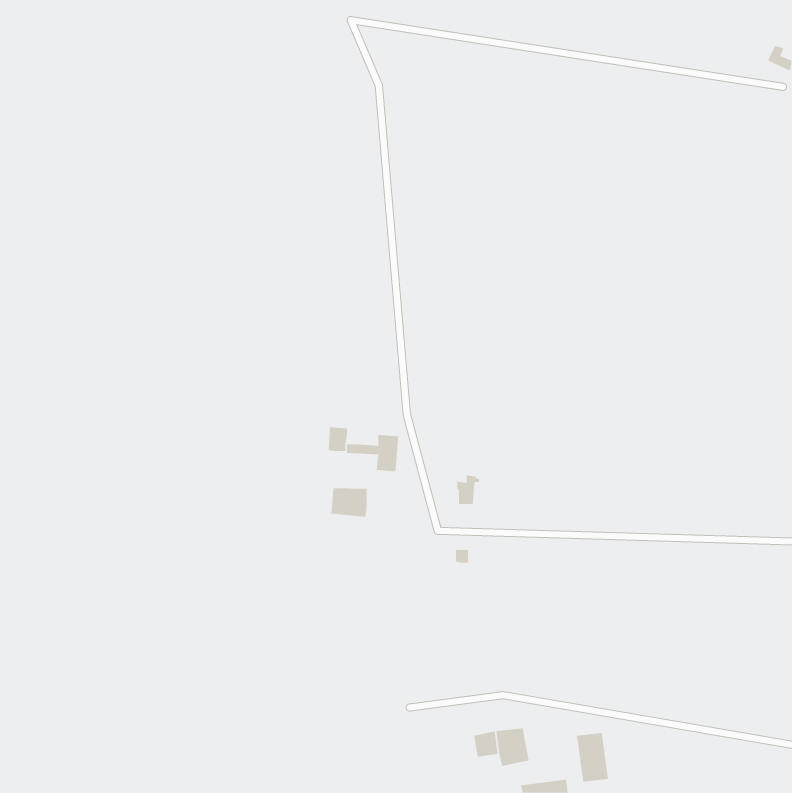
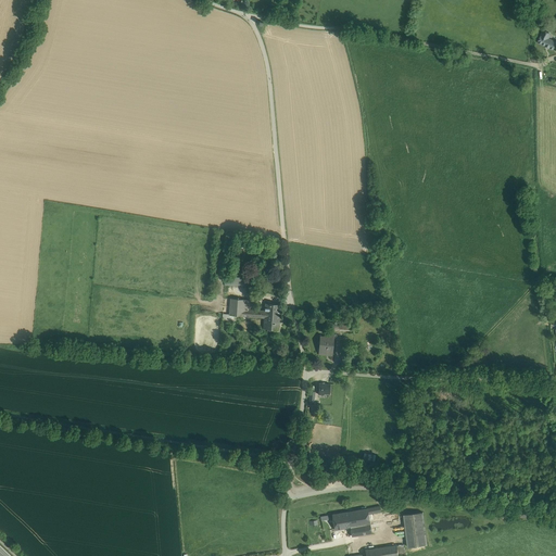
building: [331,487,367,518] -> none

